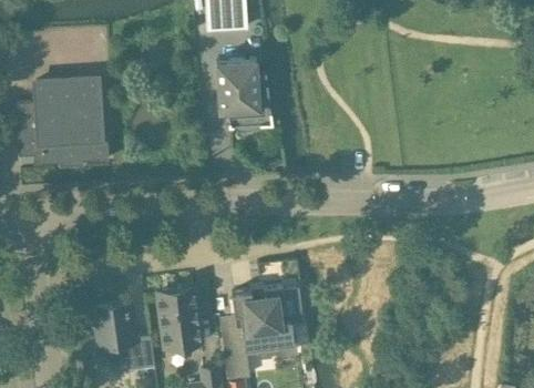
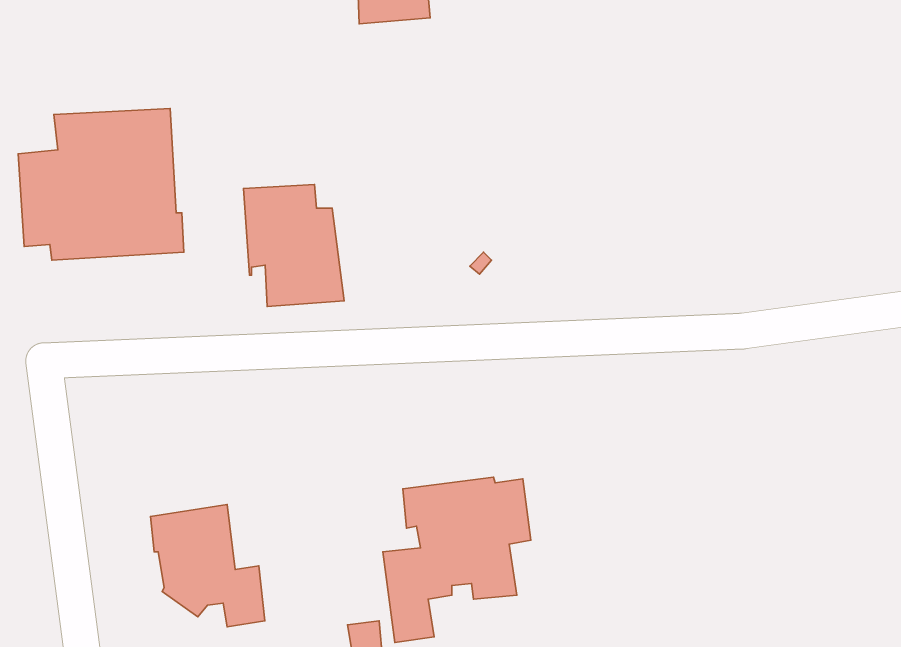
building: [215,59,271,127] -> [244,184,344,307]
building: [157,289,199,348] -> none

